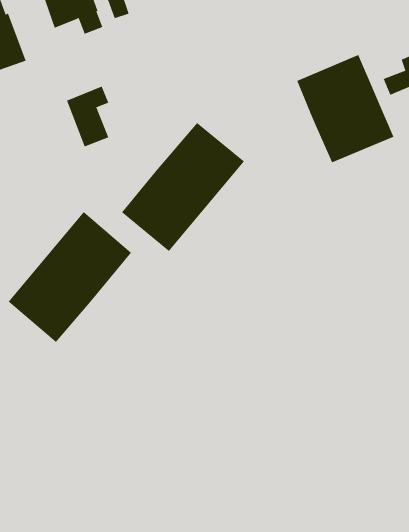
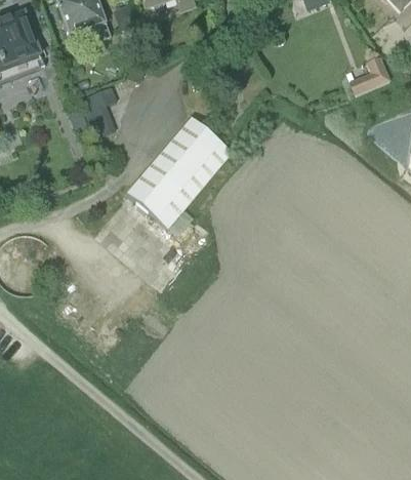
building: [297,54,394,163] -> none
building: [8,211,132,343] -> none

